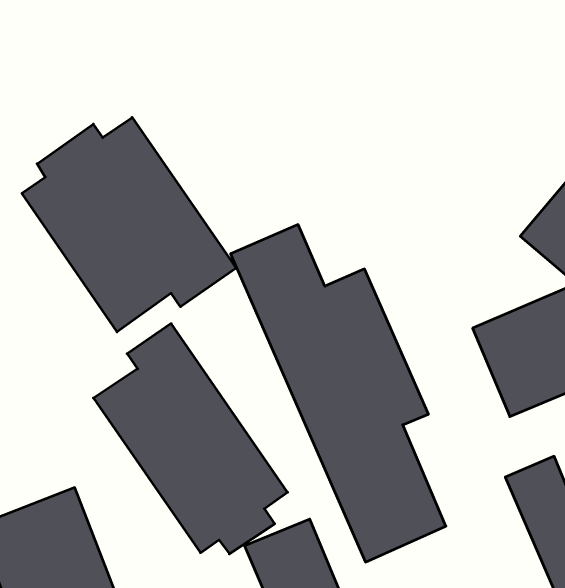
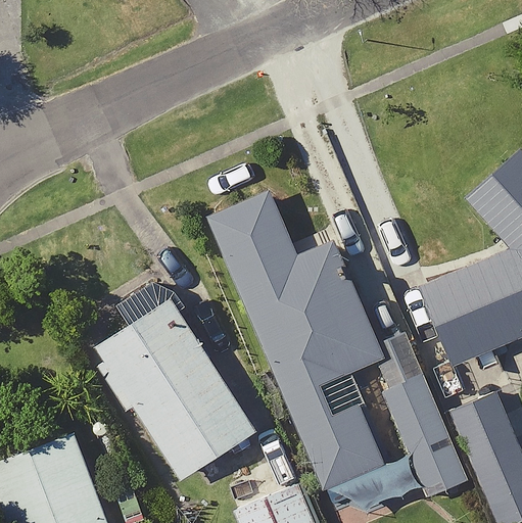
building: [22,117,236,332] -> none
building: none -> [385,377,468,497]

